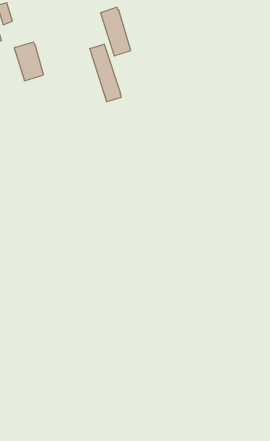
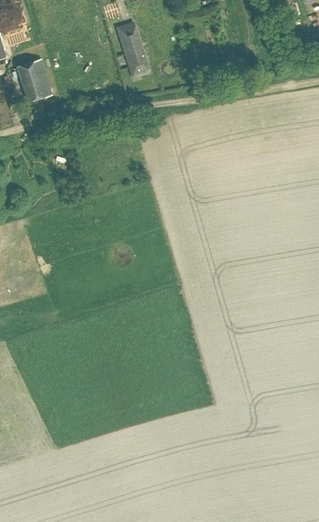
building: [90,44,121,102] -> none

